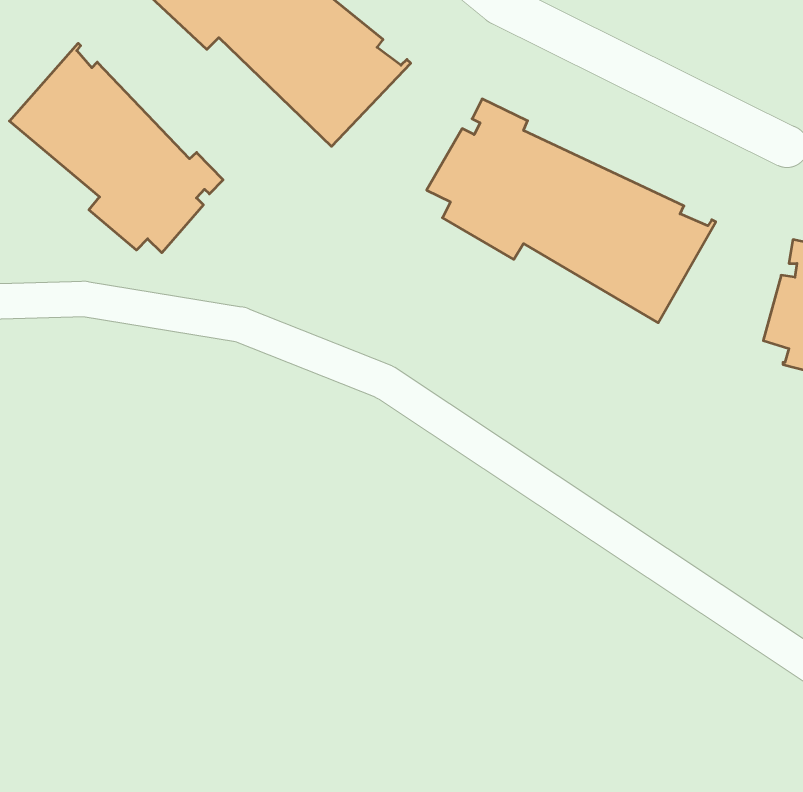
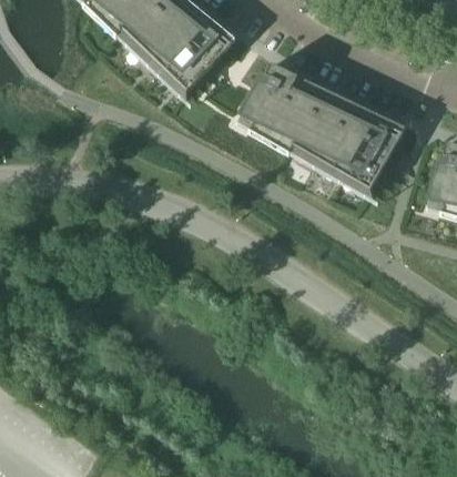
building: [9,43,223,253] -> none

